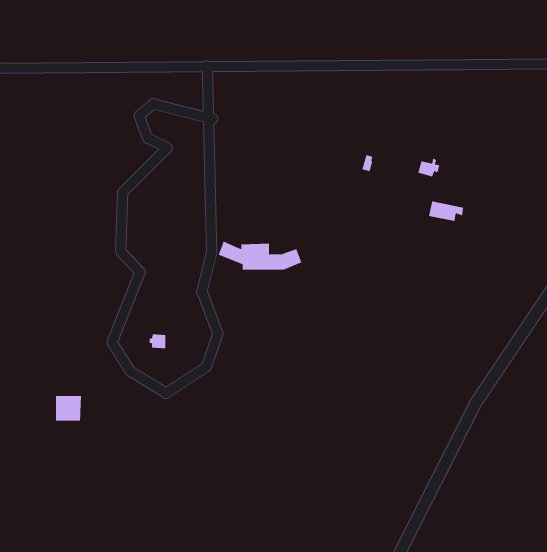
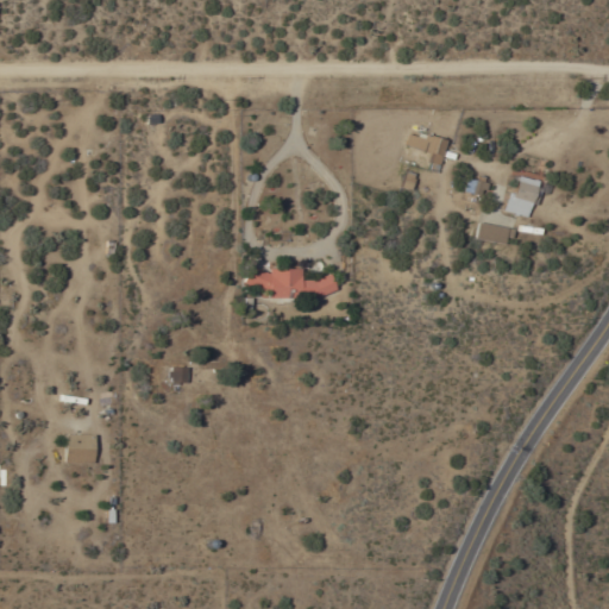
building: none -> [406,132,448,170]
building: none -> [506,177,551,218]

